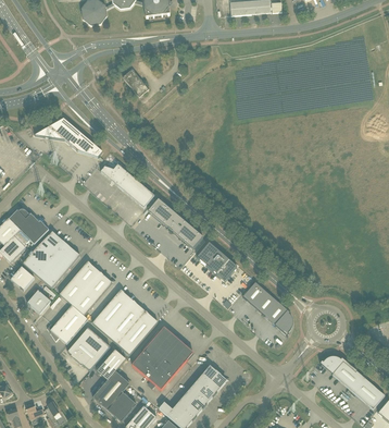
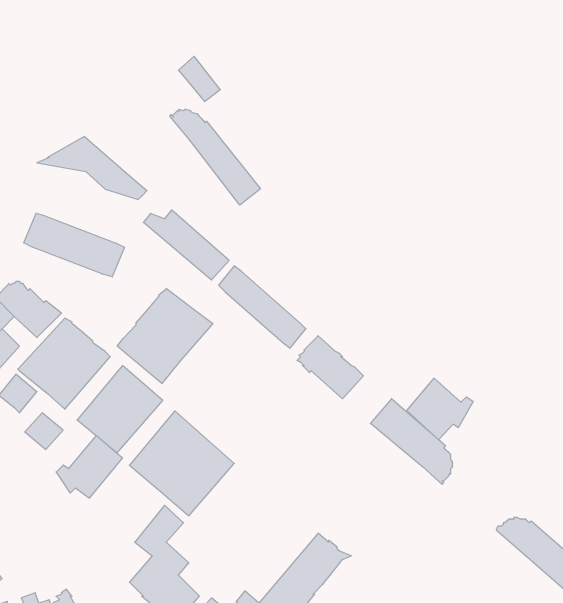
building: none -> [170,109,260,205]
building: none -> [24,213,125,277]
building: none -> [117,288,213,383]
building: none -> [407,378,473,440]
building: [133,327,193,389] -> none
building: [67,328,110,370] -> none

